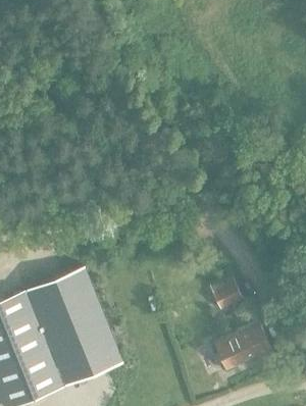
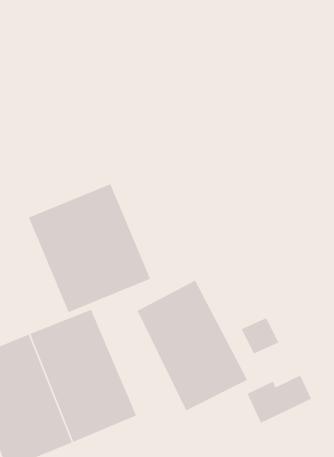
building: none -> [28,183,151,313]
building: none -> [137,280,248,411]

